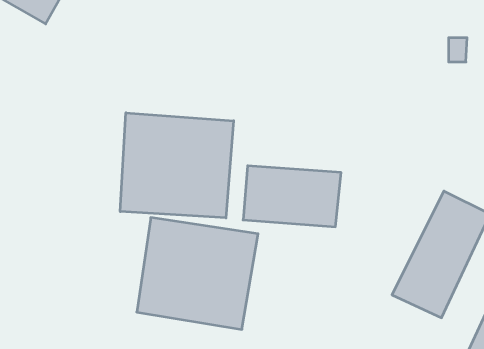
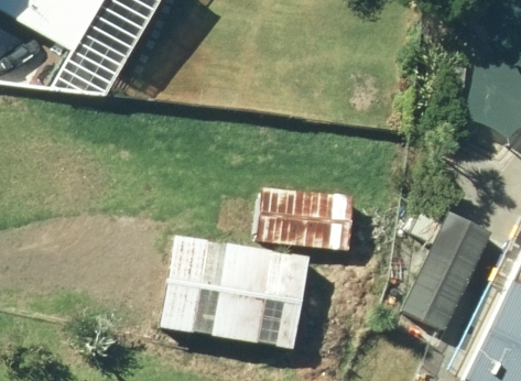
building: [120,113,234,218] -> none

